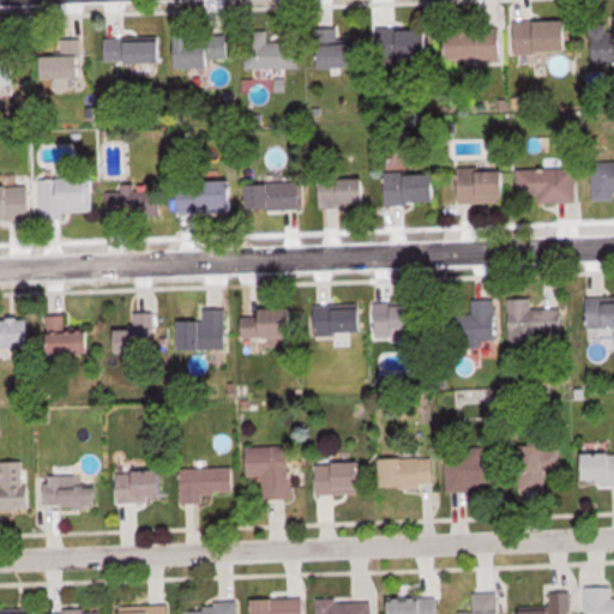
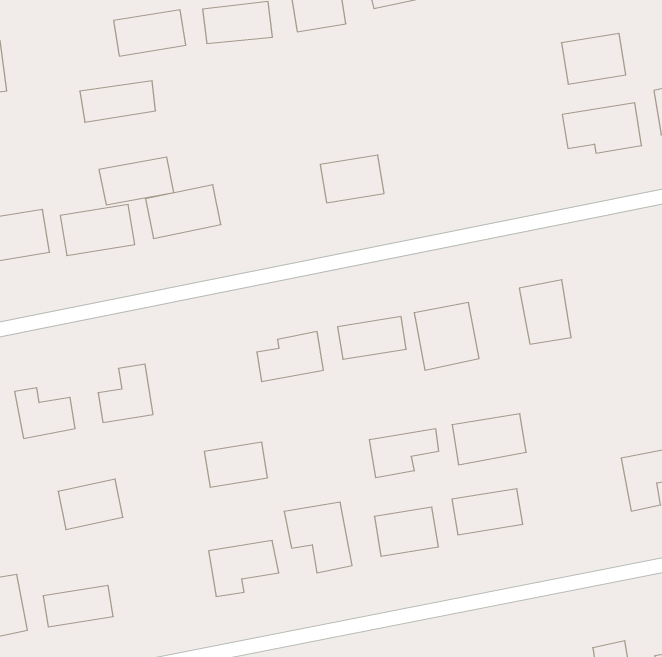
building: [101,38,159,64] -> [80,81,156,122]
building: [456,170,502,204] -> [561,33,626,84]
building: [381,173,433,205] -> none
building: [242,181,299,211] -> [99,157,174,205]
building: [505,299,560,339] -> none
building: [176,321,223,350] -> [204,442,268,487]
building: none -> [370,429,438,478]
building: [444,458,499,490] -> [452,414,526,465]
building: [114,470,162,504] -> [58,479,123,530]

